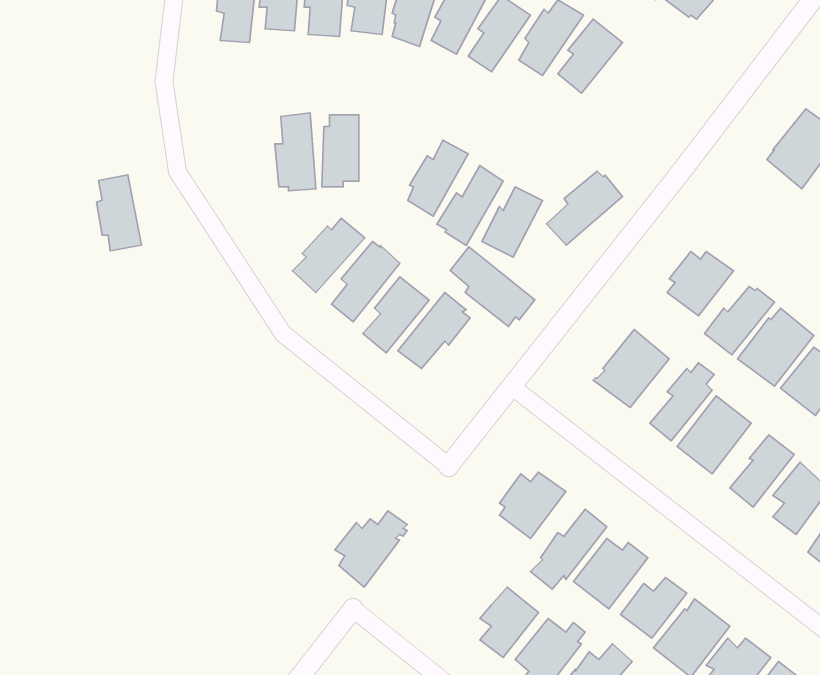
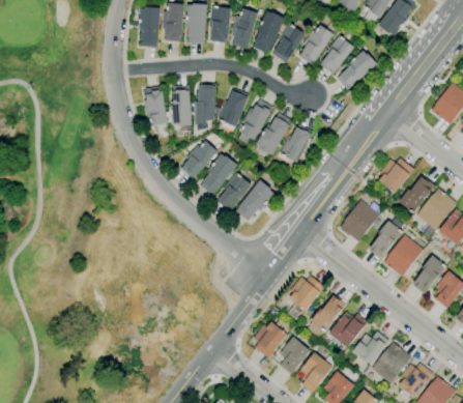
building: none -> [218,88,249,131]
building: [547,171,623,245] -> [337,51,377,90]
building: [96,175,141,251] -> [144,86,168,126]
building: [450,247,535,327] -> none
building: [335,511,407,587] -> [253,318,291,358]

